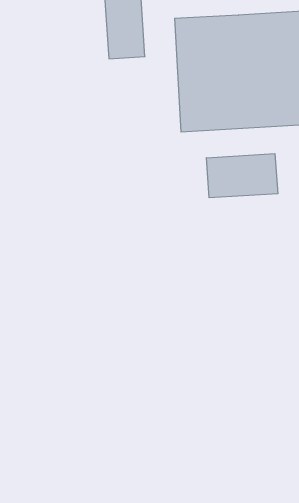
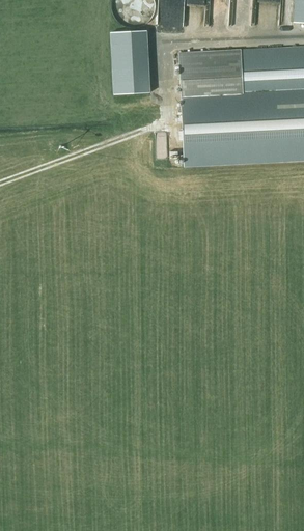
building: [206,154,278,198] -> none

